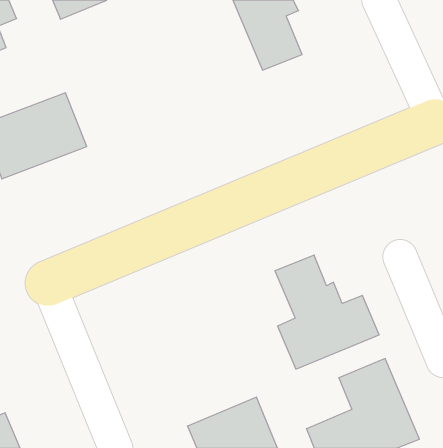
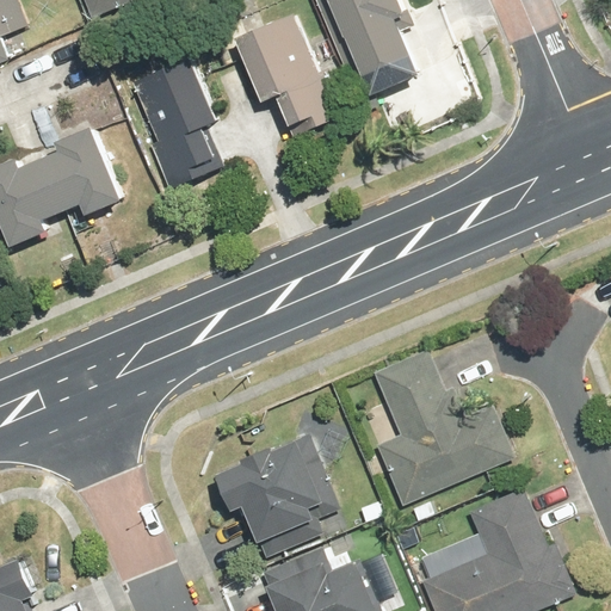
building: none -> [228,16,341,143]
building: none -> [137,69,218,187]
building: none -> [208,437,345,564]

